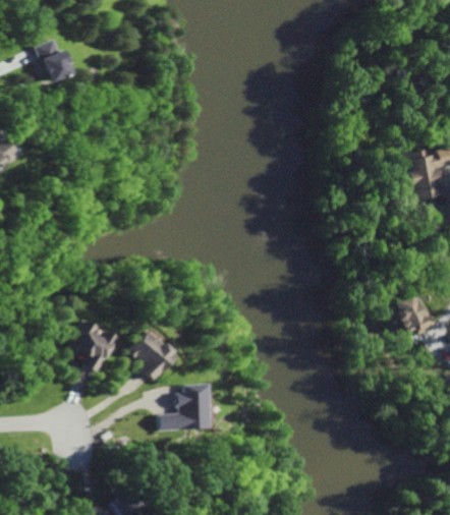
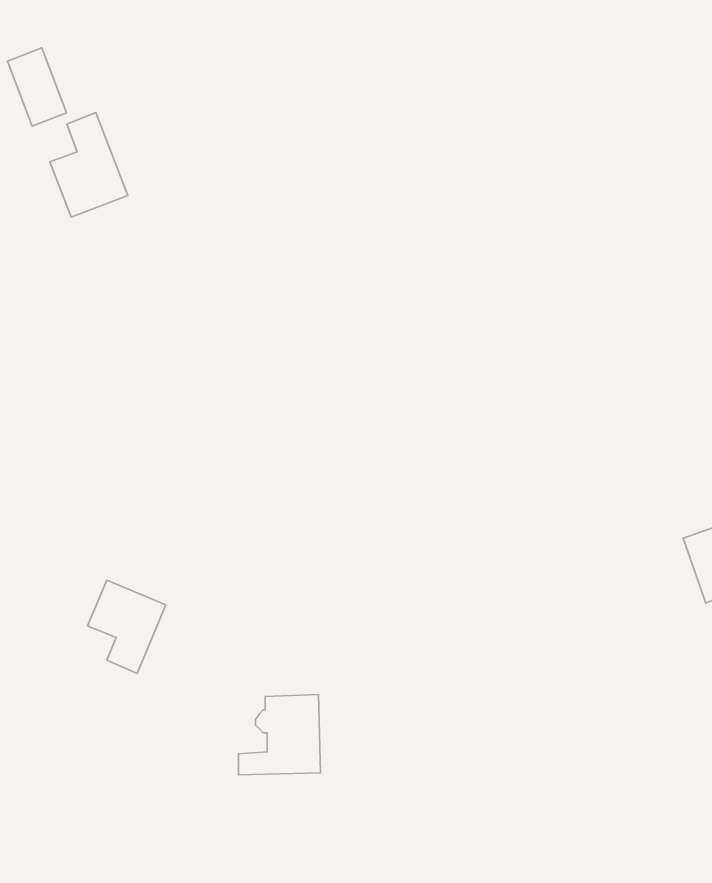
building: none -> [50,112,128,217]
building: [131,333,175,379] -> none

